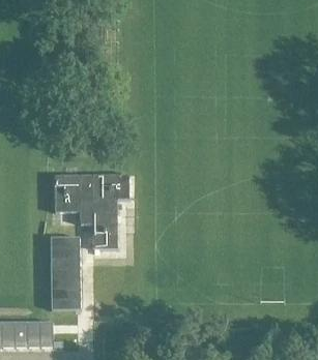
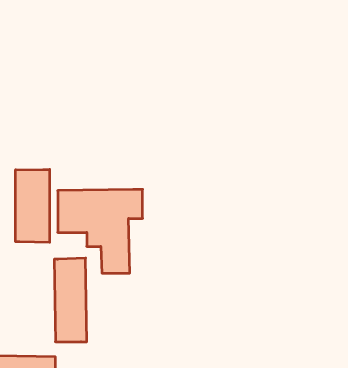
building: none -> [16,169,50,242]

